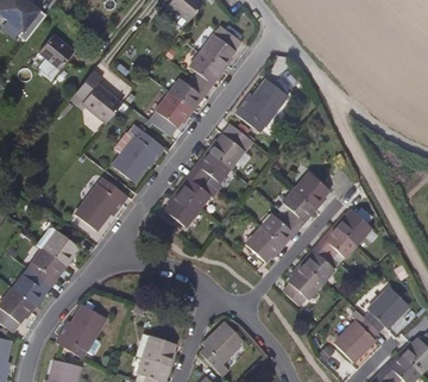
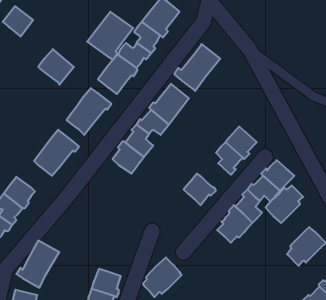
building: none -> [87,12,133,60]
building: [262,213,300,243] -> none
building: [334,318,377,361] -> [266,185,303,223]

